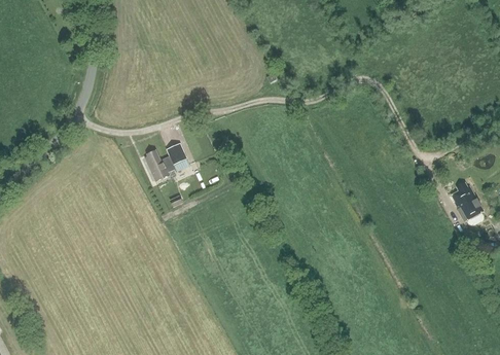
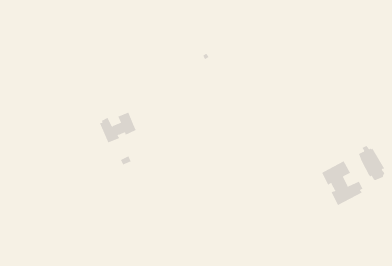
building: none -> [322,161,363,206]

